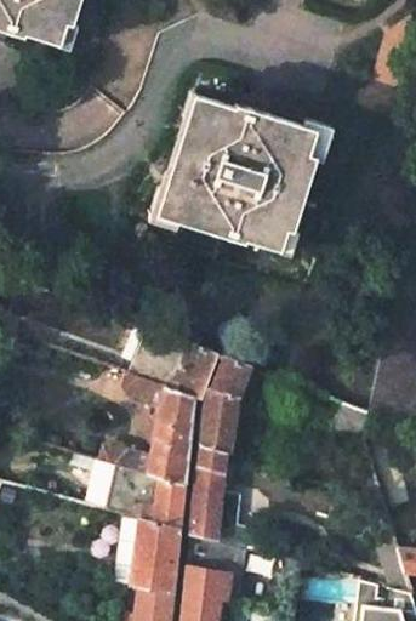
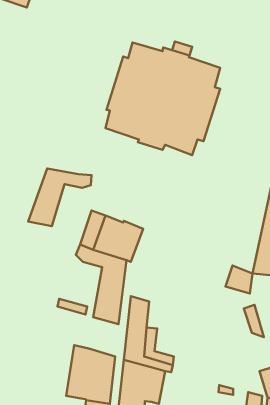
building: none -> [28,169,91,226]
building: [200,357,250,456] -> none
building: [118,474,183,531] -> none

